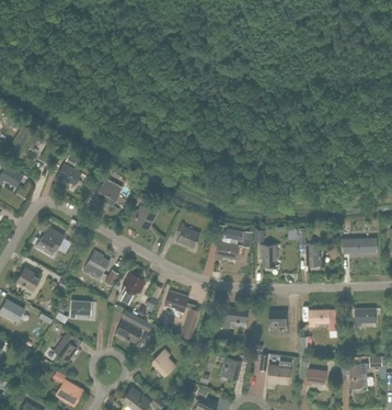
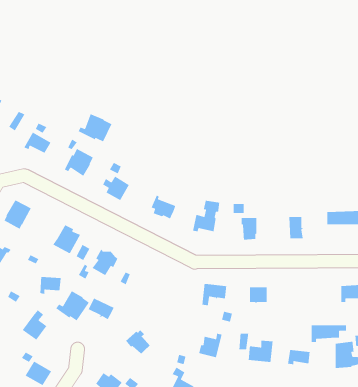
building: none -> [78,113,112,143]
building: [165,292,199,341] -> none
building: [309,309,343,327] -> [311,324,347,343]
building: none -> [55,290,90,322]

